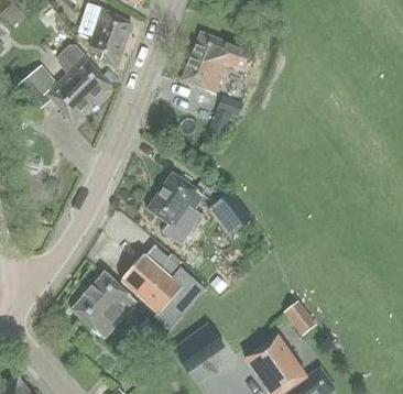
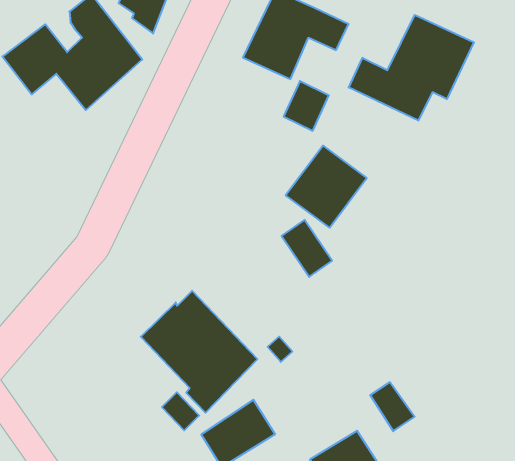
building: none -> [349,15,474,121]
building: [148,172,204,229] -> [286,146,367,228]
building: [72,271,137,337] -> none

